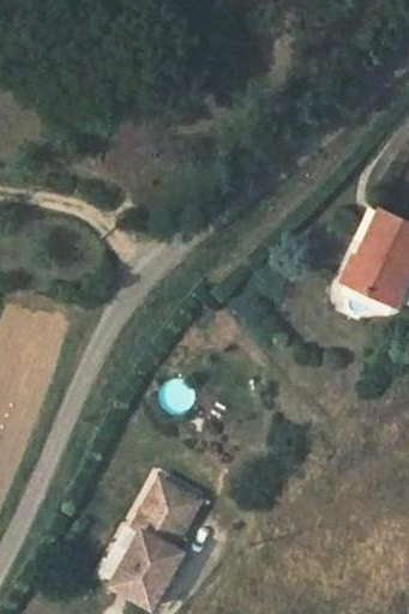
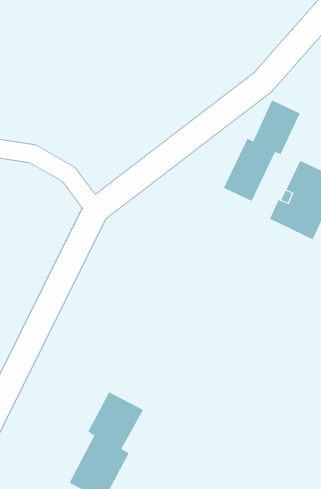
building: none -> [223,99,300,202]

